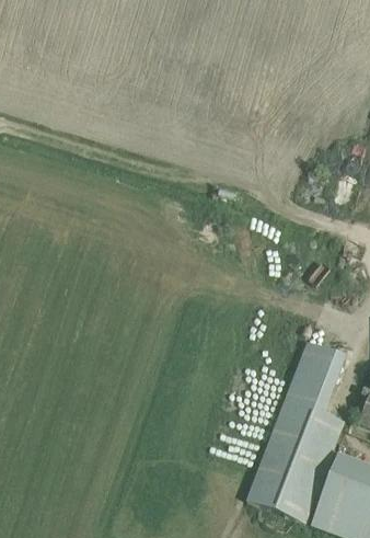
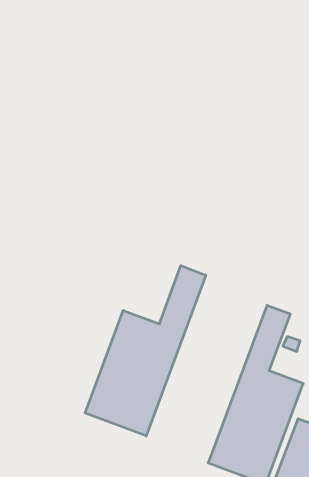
building: none -> [85,266,206,436]

